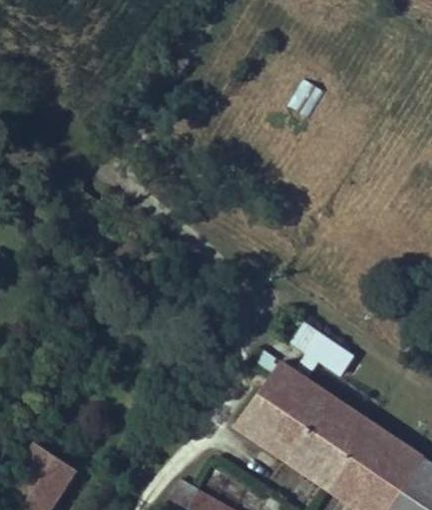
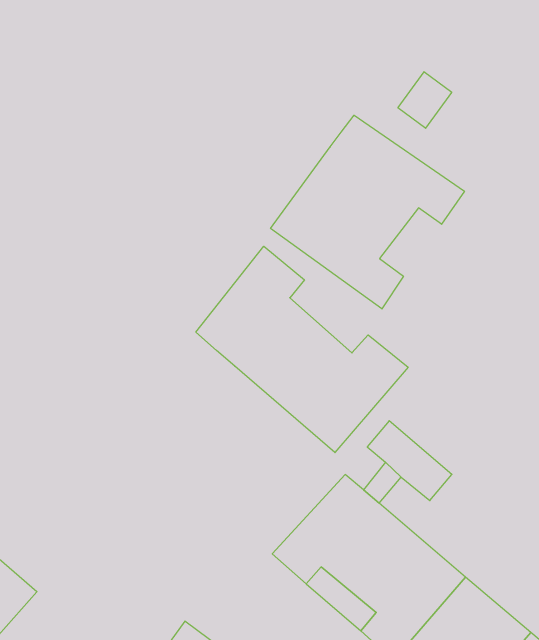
building: none -> [271,115,464,309]
building: none -> [196,246,408,453]

